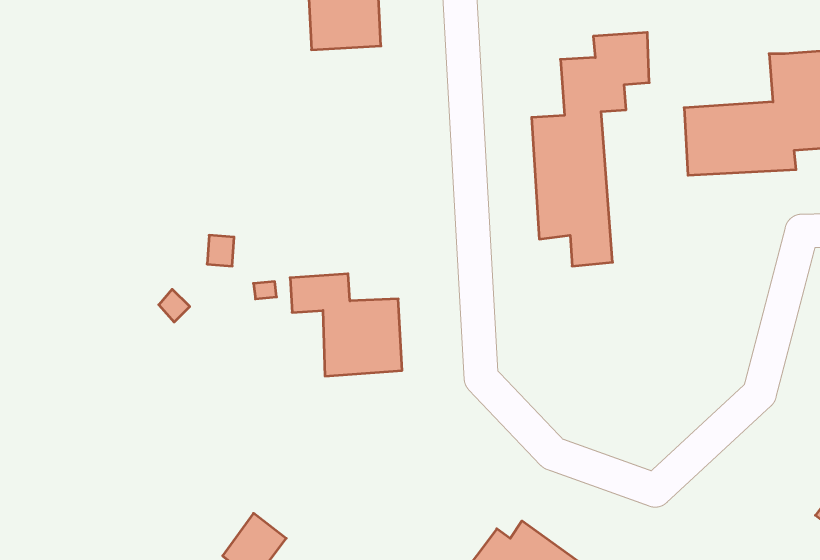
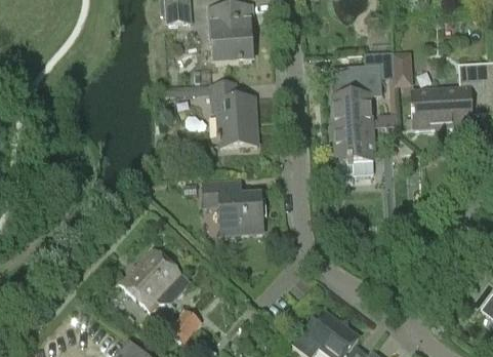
building: none -> [393,51,412,85]
building: none -> [211,81,257,145]
building: none -> [119,245,190,311]

